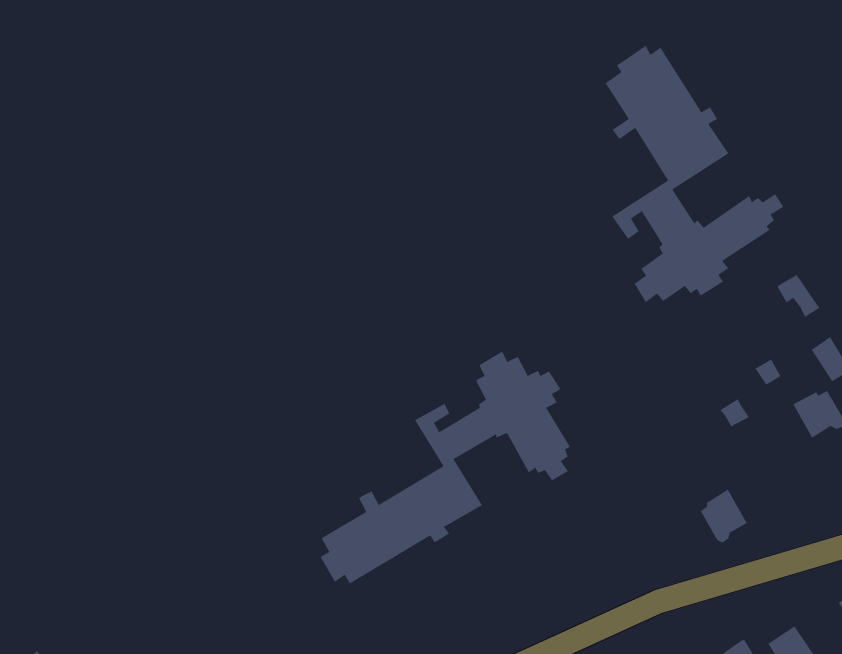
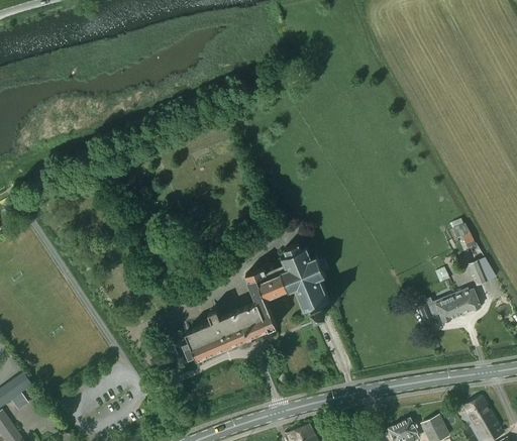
building: [605,45,784,303] -> none
building: [700,489,748,543] -> [435,295,460,324]

